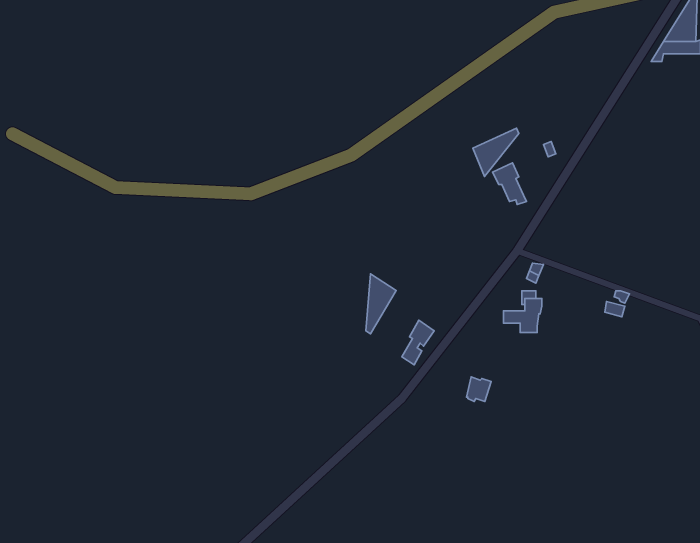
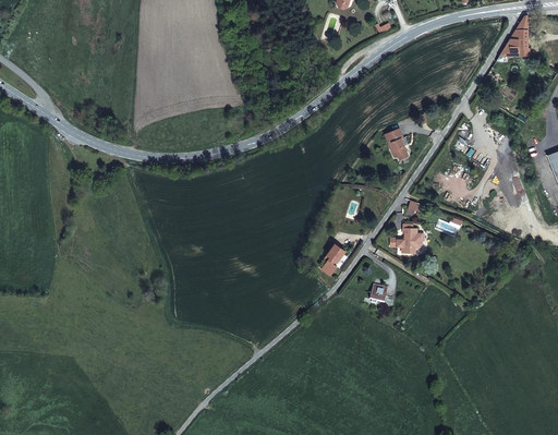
building: [473,128,519,177] -> none
building: [366,274,396,334] -> none

